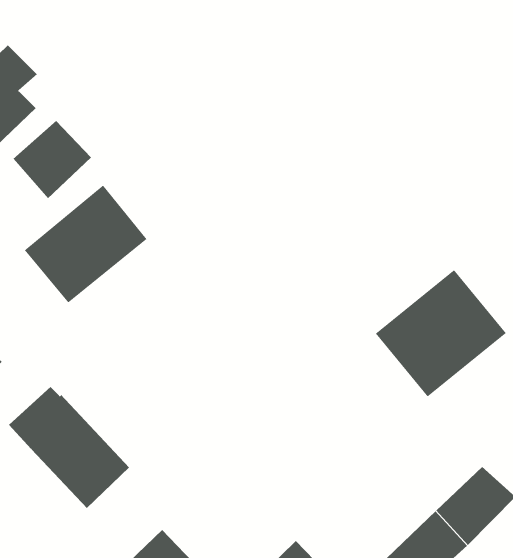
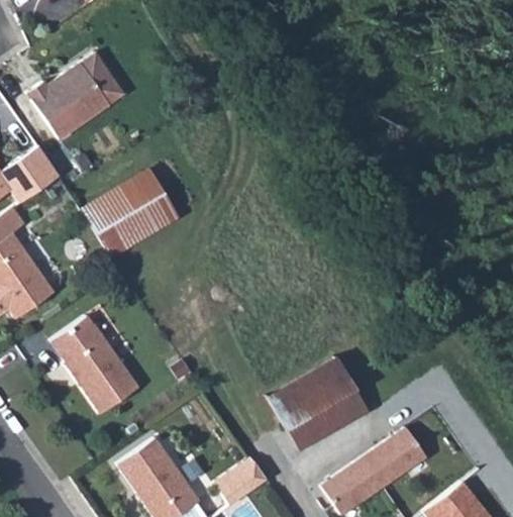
building: [12,120,92,199] -> none
building: [375,269,507,397] -> [267,356,367,450]

